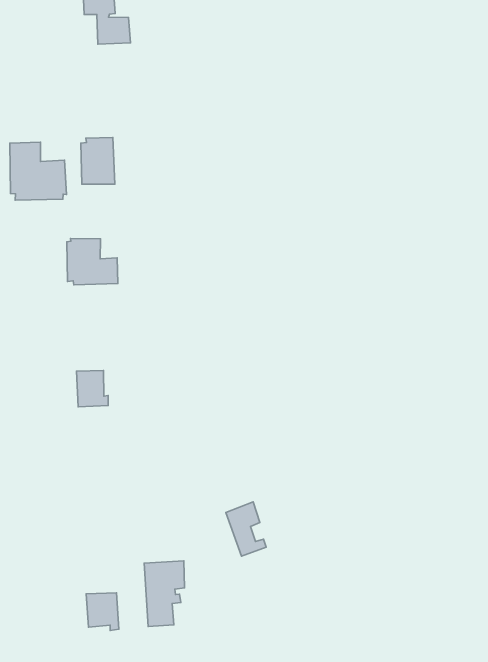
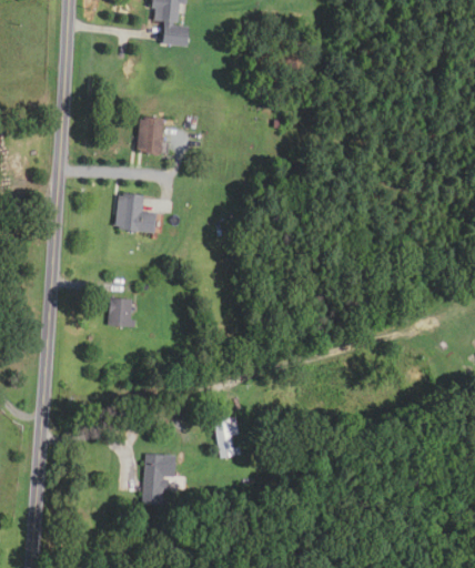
building: [10,142,67,200] -> none
building: [86,593,119,630] -> none

